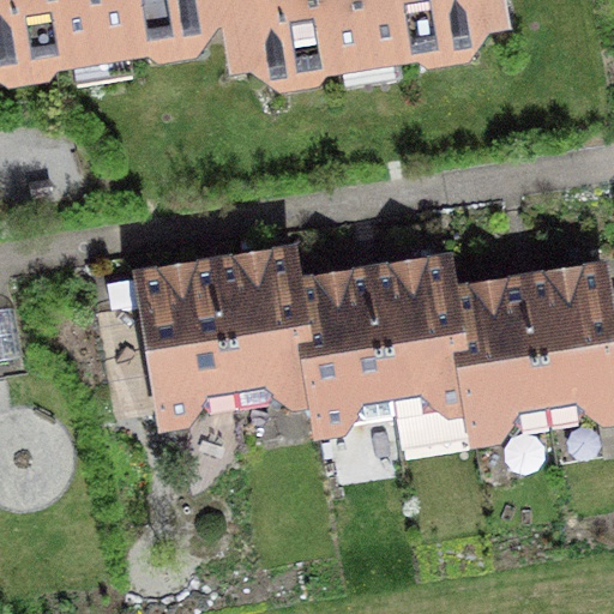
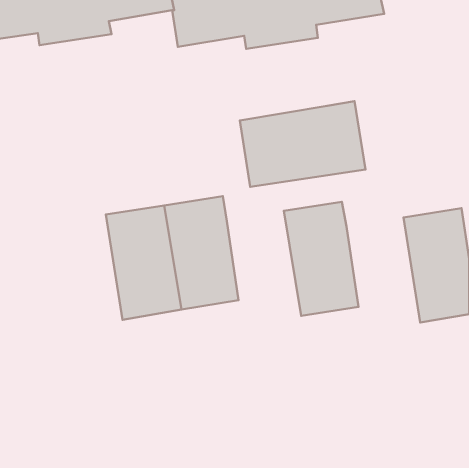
building: none -> [240,101,365,187]
building: [295,275,392,423] -> none
building: [451,283,547,433] -> none

